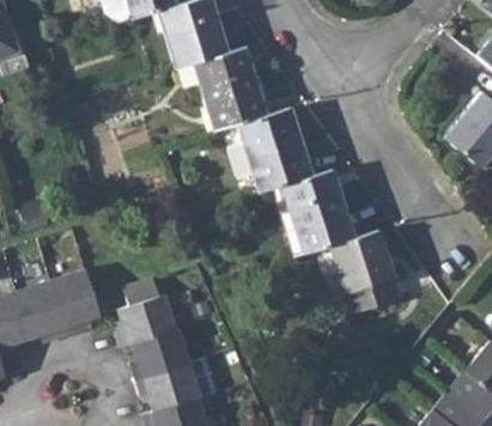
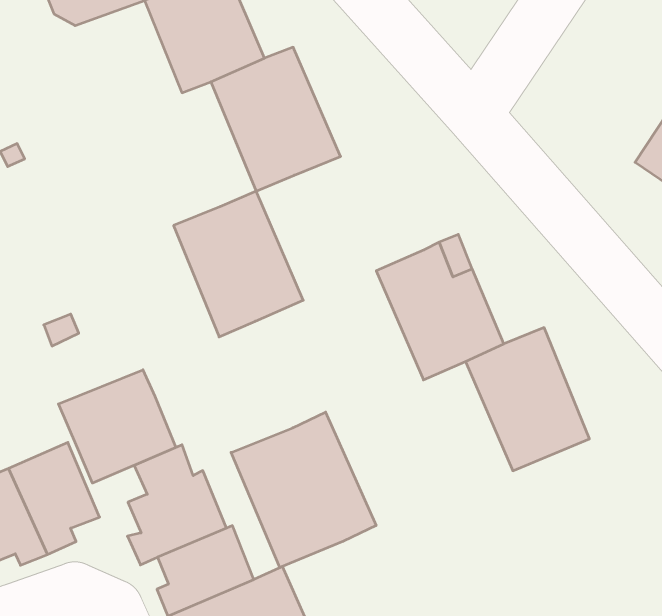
building: [239,108,312,193] -> [174,191,303,337]
building: none -> [58,370,176,483]
building: none -> [231,412,376,568]

